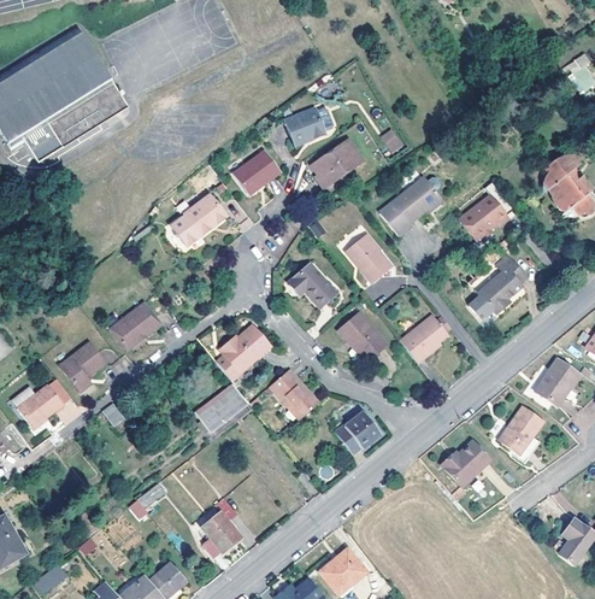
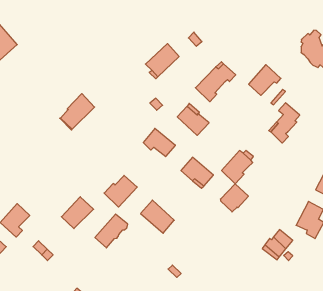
building: [288,108,331,143] -> none
building: [236,152,281,194] -> none
building: [111,303,160,348] -> [61,197,94,229]
building: [338,412,381,453] -> [220,184,248,212]

